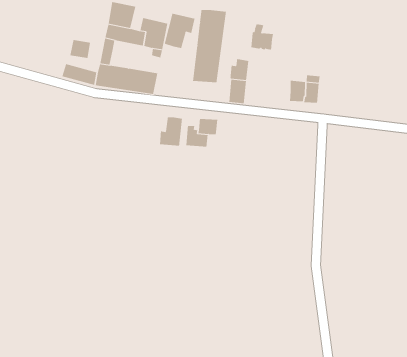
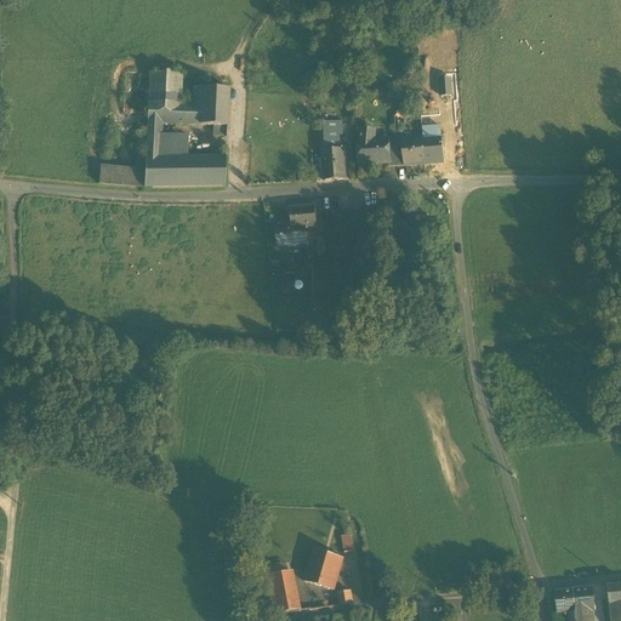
building: [193,9,226,83] -> none
building: [164,13,195,49] -> none
building: [250,23,274,50] -> [361,127,392,161]
building: [69,40,91,59] -> [163,133,188,155]
building: [159,116,183,146] -> none

